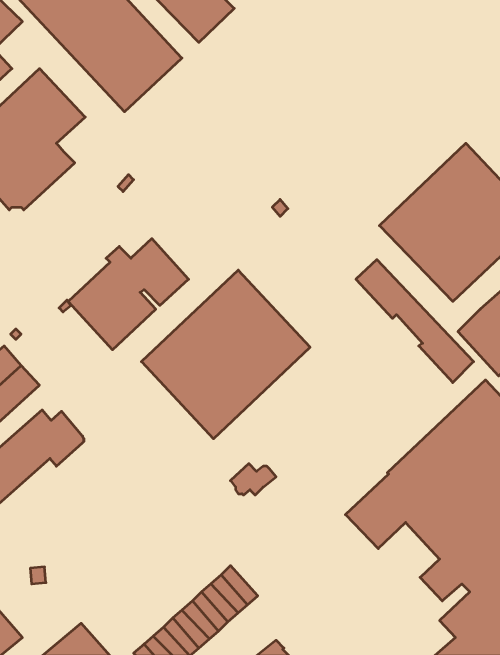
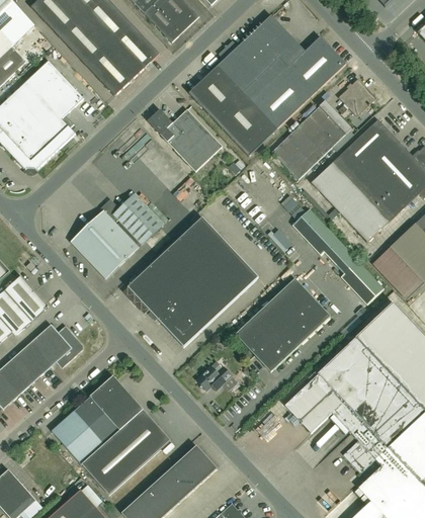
building: none -> [189,15,347,155]
building: none -> [340,78,377,110]
building: none -> [272,99,352,178]
building: none -> [148,108,223,171]
building: none -> [236,279,331,372]
building: none -> [52,376,171,495]

